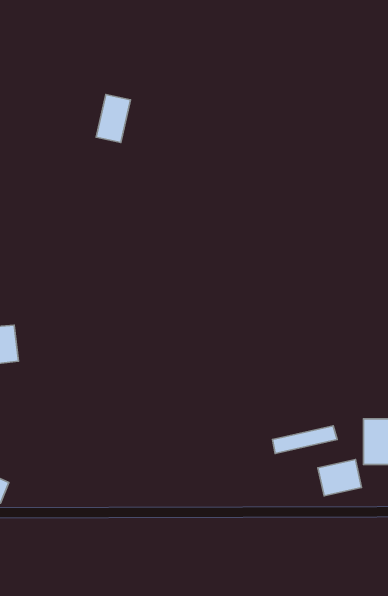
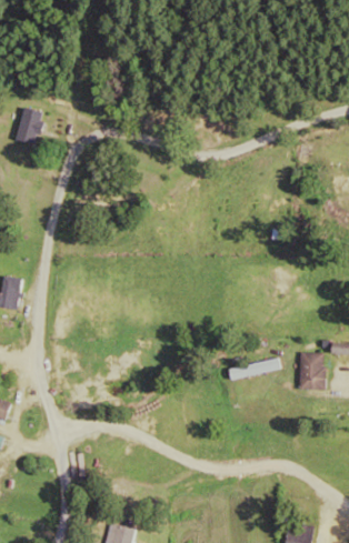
building: [96,94,131,143] -> [16,107,43,145]
building: [318,459,362,496] -> none

